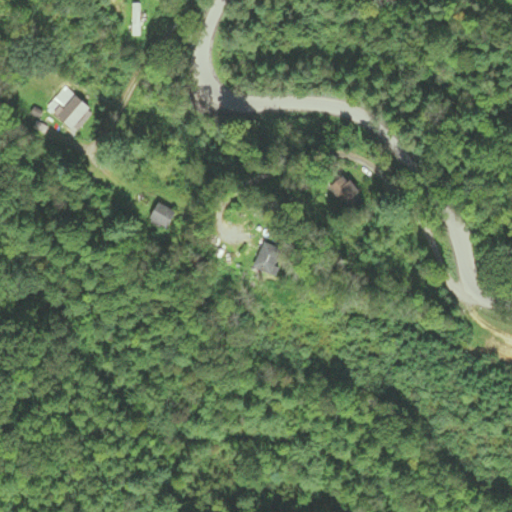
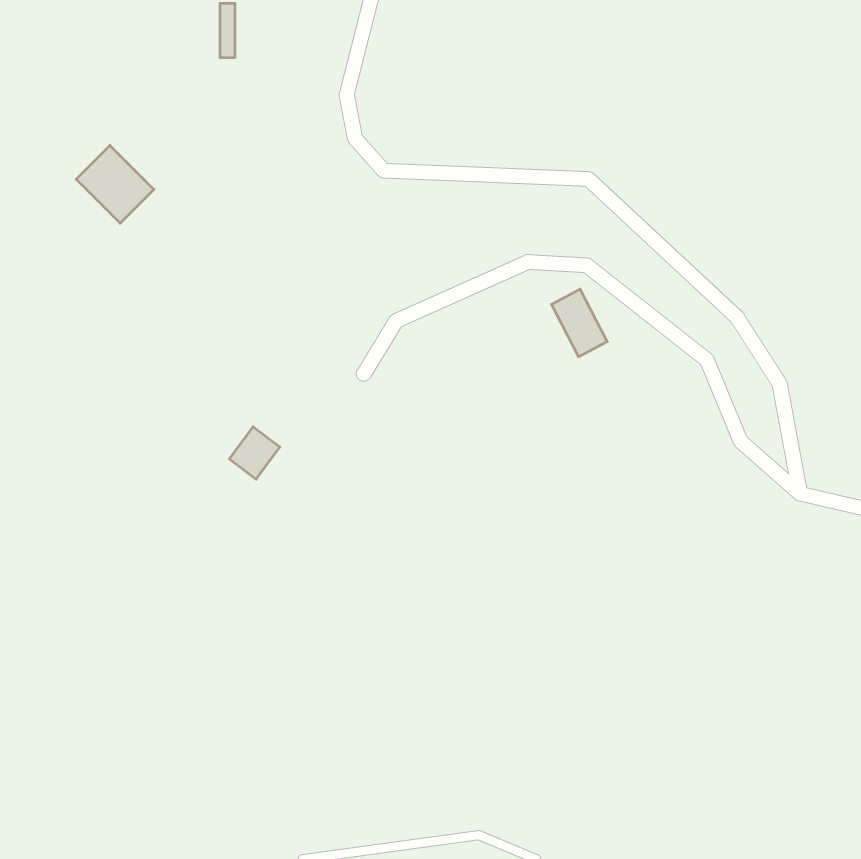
building: [148,199,178,230] -> [229,427,280,479]
building: [246,241,280,278] -> none

